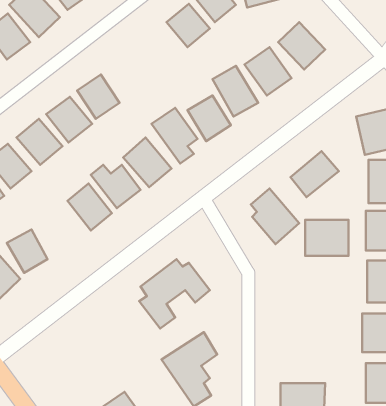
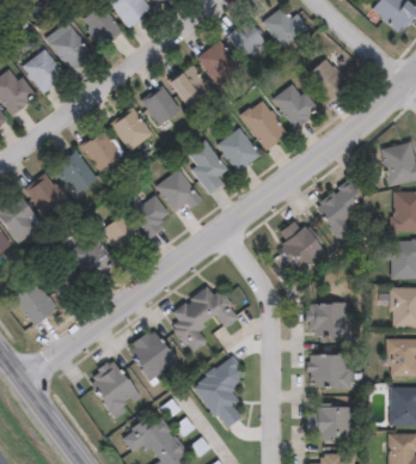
building: none -> [169,63,210,108]
building: none -> [141,86,179,126]
building: none -> [68,232,114,279]
building: [305,220,349,256] -> [307,301,349,336]
building: none -> [126,329,176,380]
building: none -> [307,354,350,389]
building: none -> [87,361,139,414]

